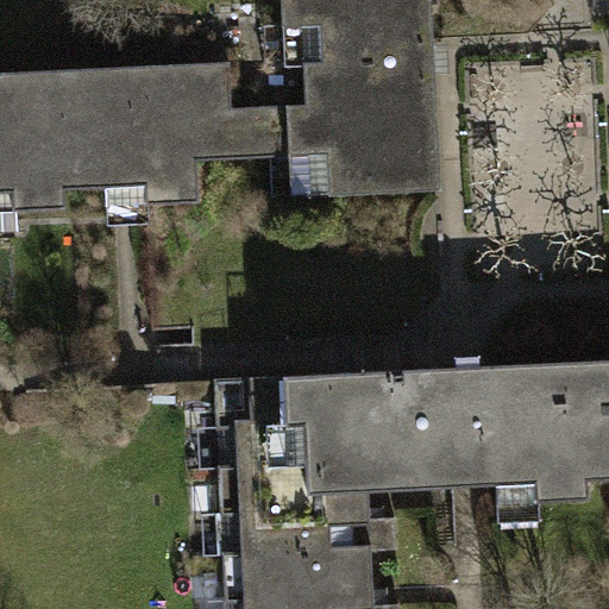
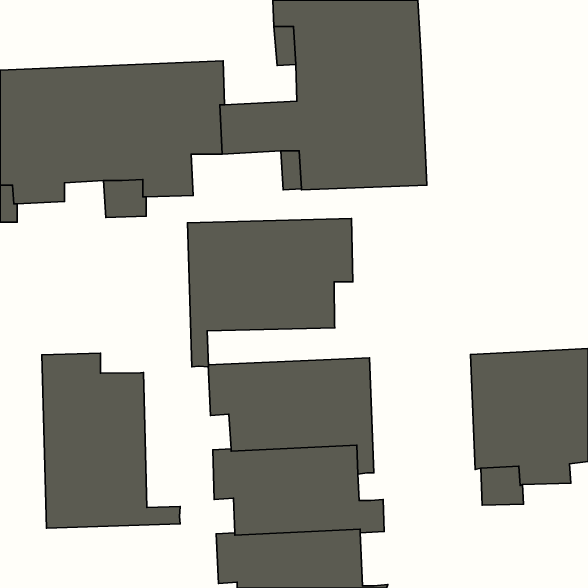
building: none -> [188,218,353,367]
building: none -> [42,353,180,528]
building: [382,366,491,489] -> none

